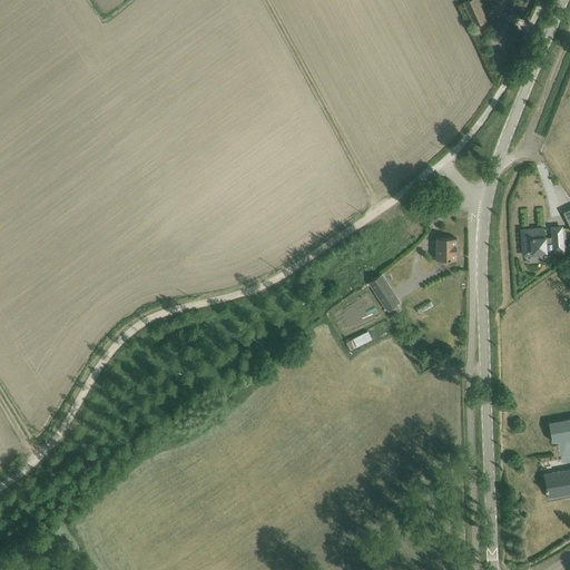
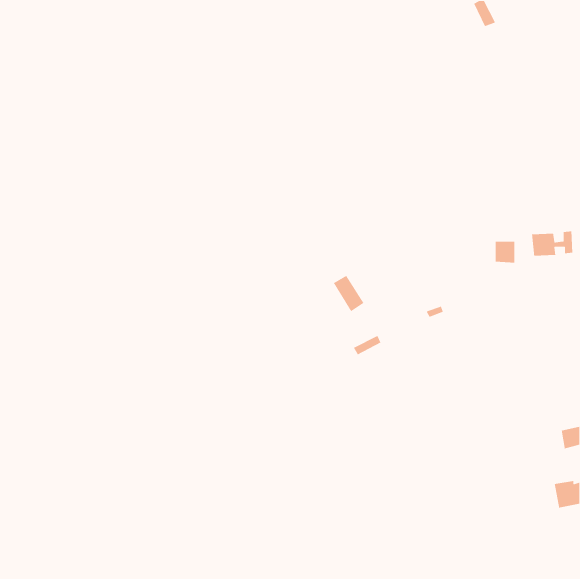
building: [436,239,456,262] -> [495,241,515,263]
building: [368,275,400,312] -> [333,275,365,312]

